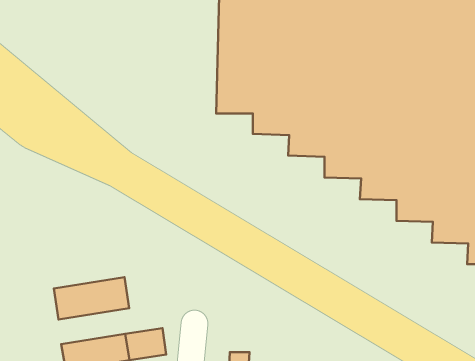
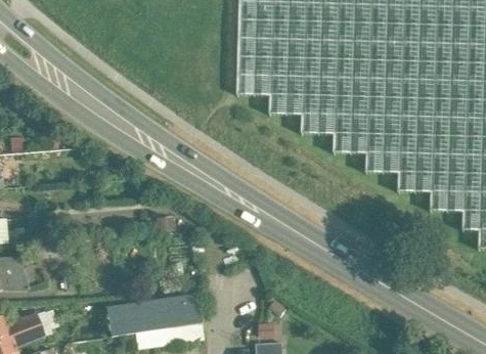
building: [54,277,129,320] -> none

